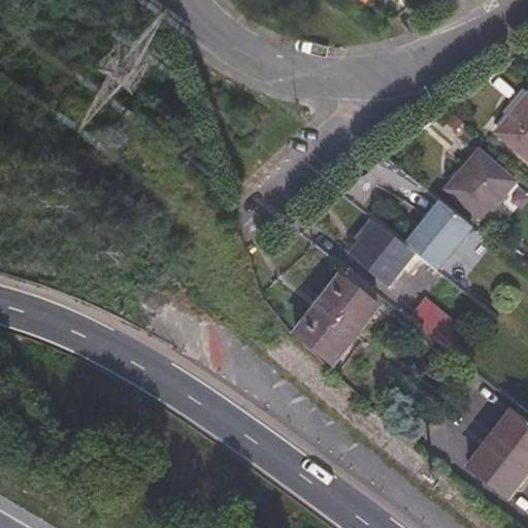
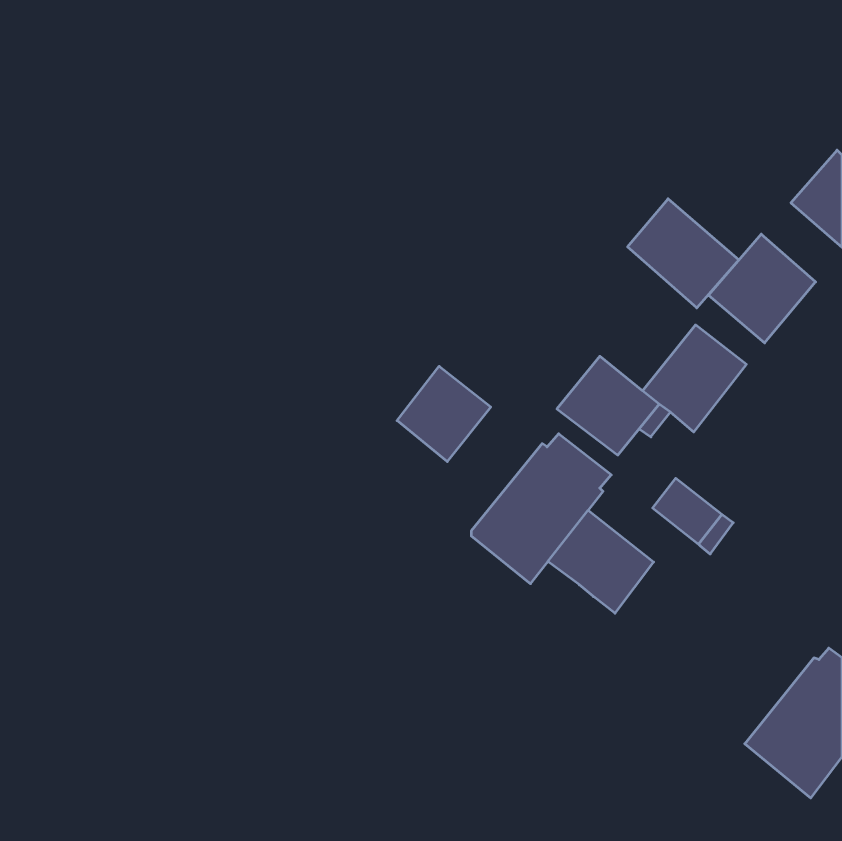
building: none -> [628,199,739,308]
building: none -> [397,366,491,462]
building: none -> [548,510,654,613]

